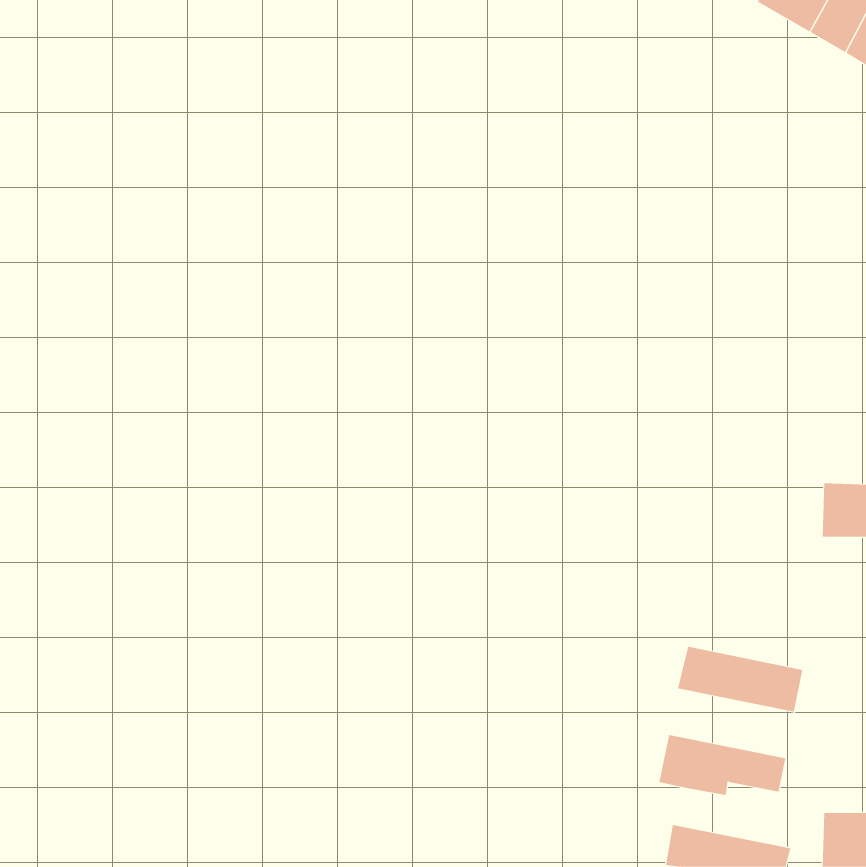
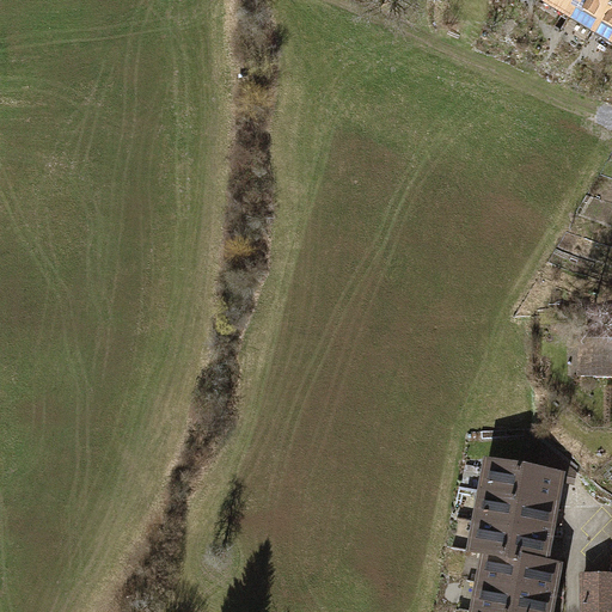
building: none -> [472,484,561,533]
building: none -> [475,550,565,596]

